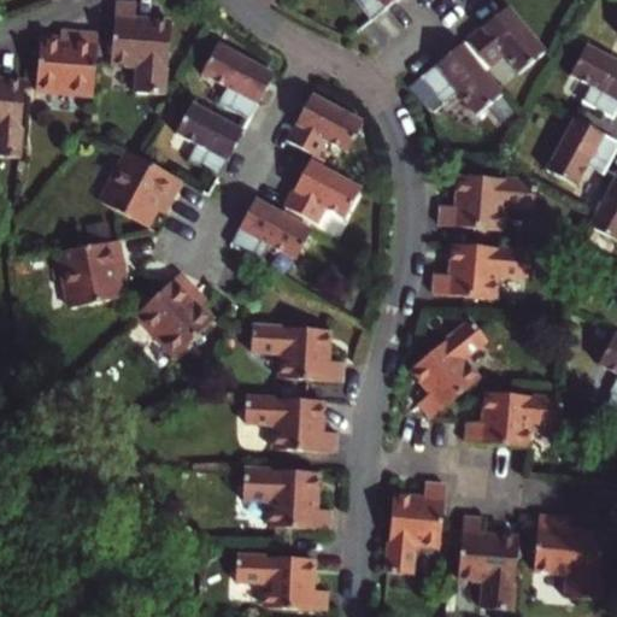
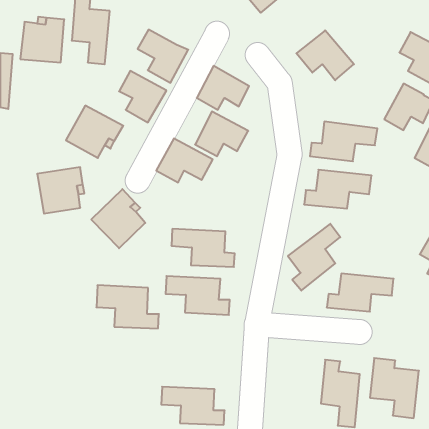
building: [474,6,551,71] -> none
building: [239,466,328,528] -> [96,285,159,328]
building: [392,480,449,571] -> none

